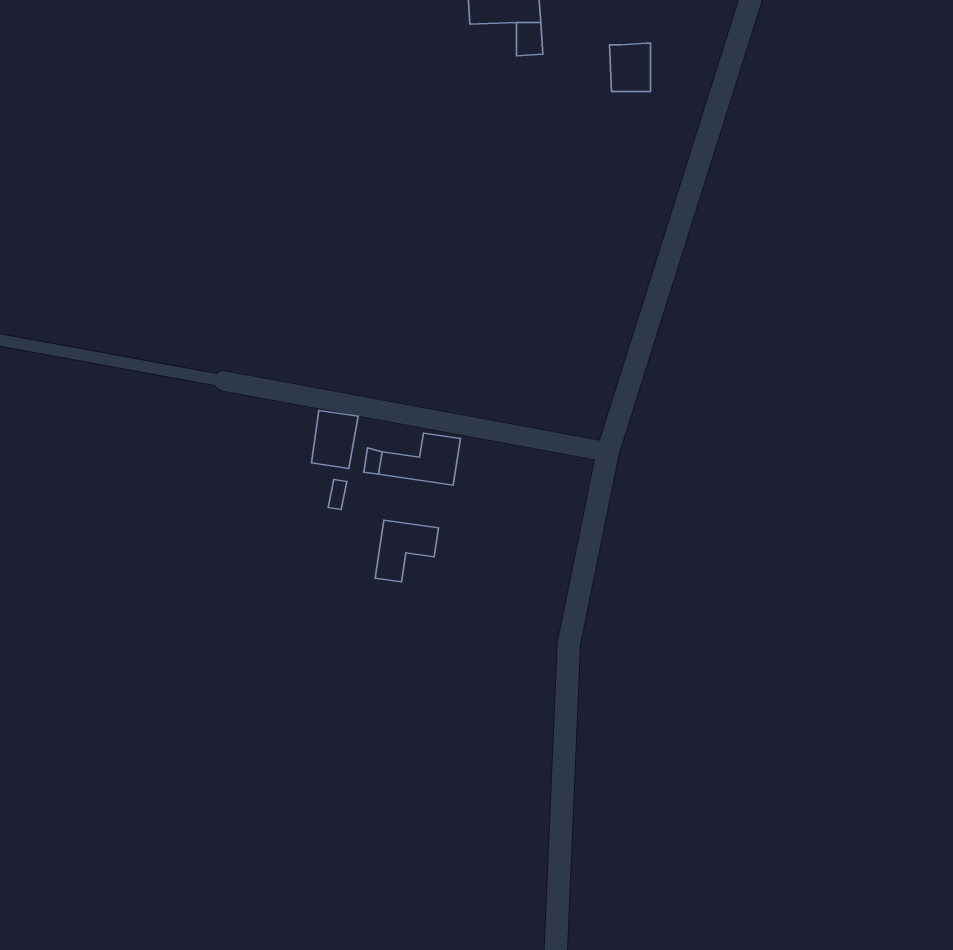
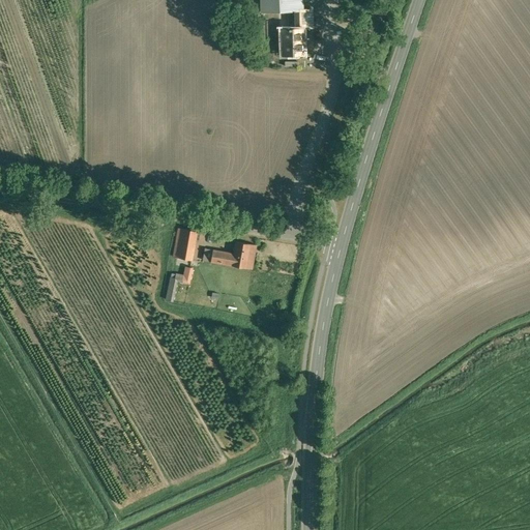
building: [610,43,651,92] -> [281,30,303,57]
building: [375,520,439,582] -> none

